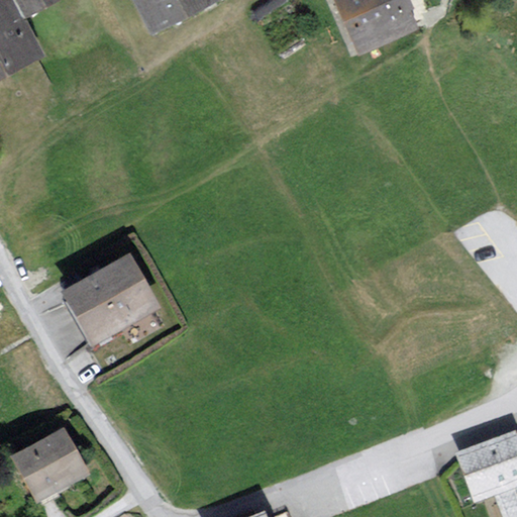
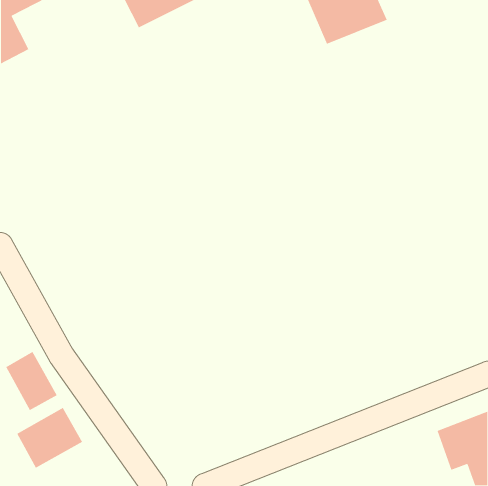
building: [65,262,157,341] -> none
building: none -> [5,351,58,411]

